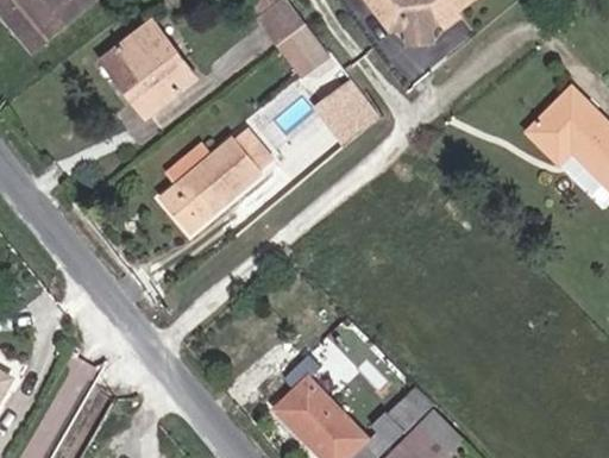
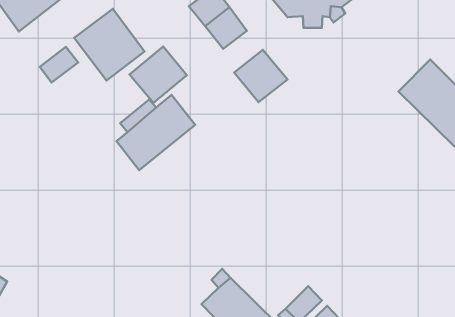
building: none -> [129,47,187,103]
building: none -> [40,47,78,82]

